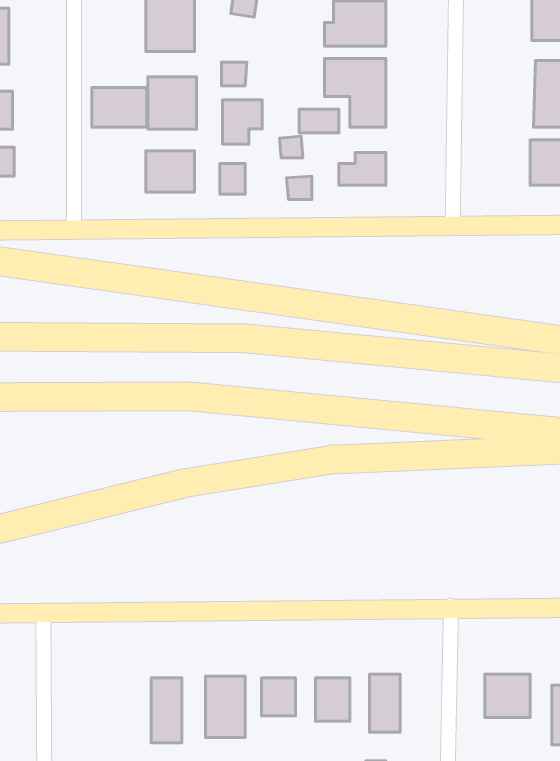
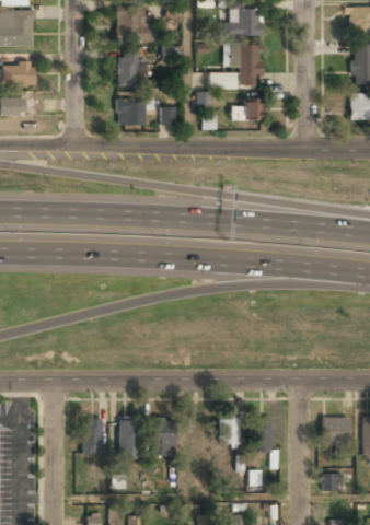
building: [92,88,147,127] -> none
building: [222,100,262,144] -> none
building: none -> [81,418,102,454]

